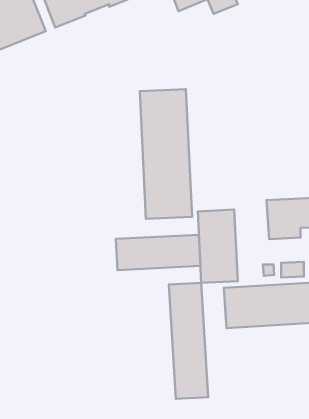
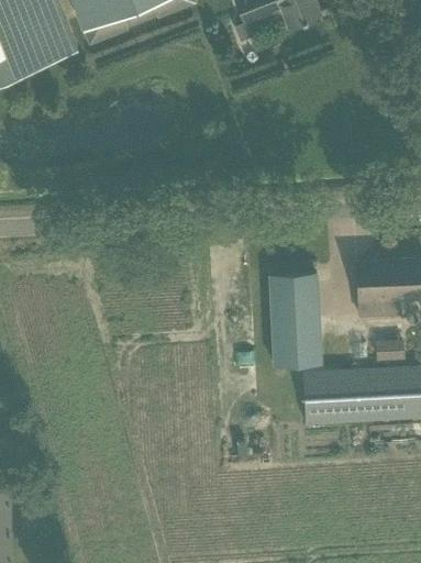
building: [140,89,192,219] -> none
building: [116,235,200,270] -> none
building: [169,283,208,399] -> none

